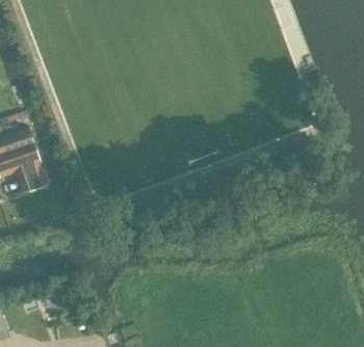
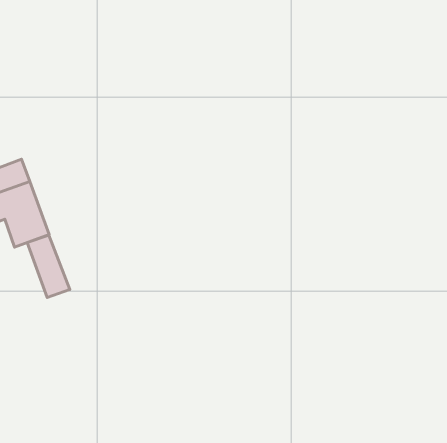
building: none -> [27,235,70,298]

